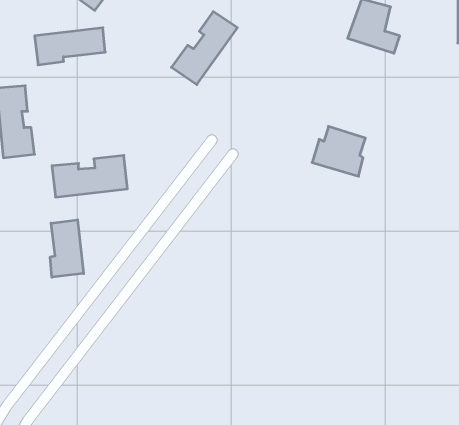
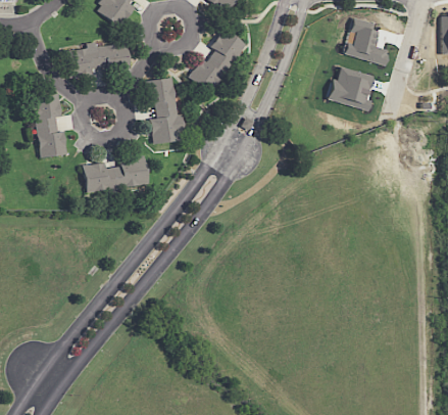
building: none -> [151,77,185,143]
building: [312,126,365,176] -> [327,66,374,110]
building: [50,220,84,277] -> none

